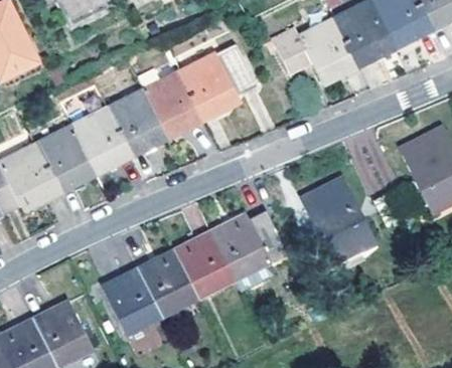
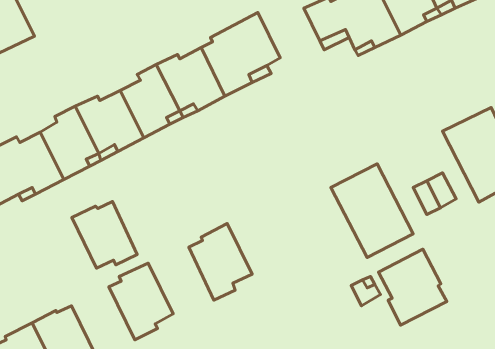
building: [207,209,287,275] -> none
building: [137,251,195,311] -> [72,202,137,268]
building: none -> [379,249,447,325]

